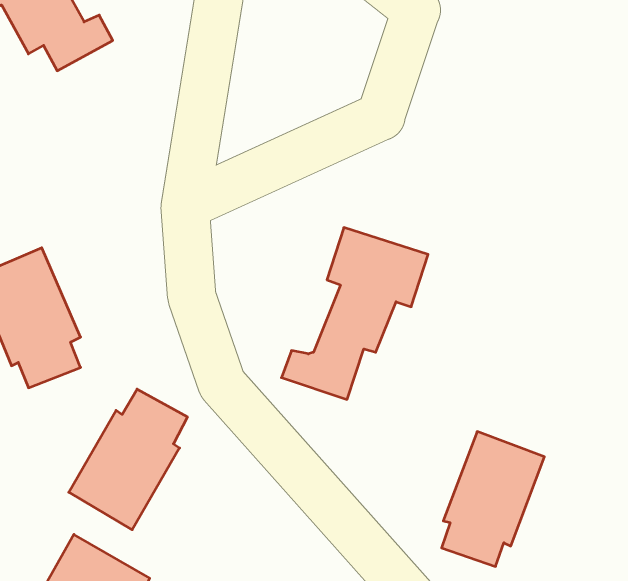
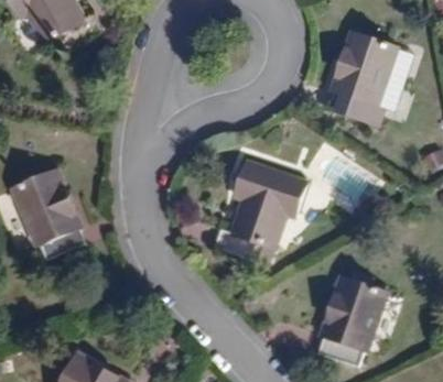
building: none -> [329,35,399,124]
building: [69,389,187,530] -> none

